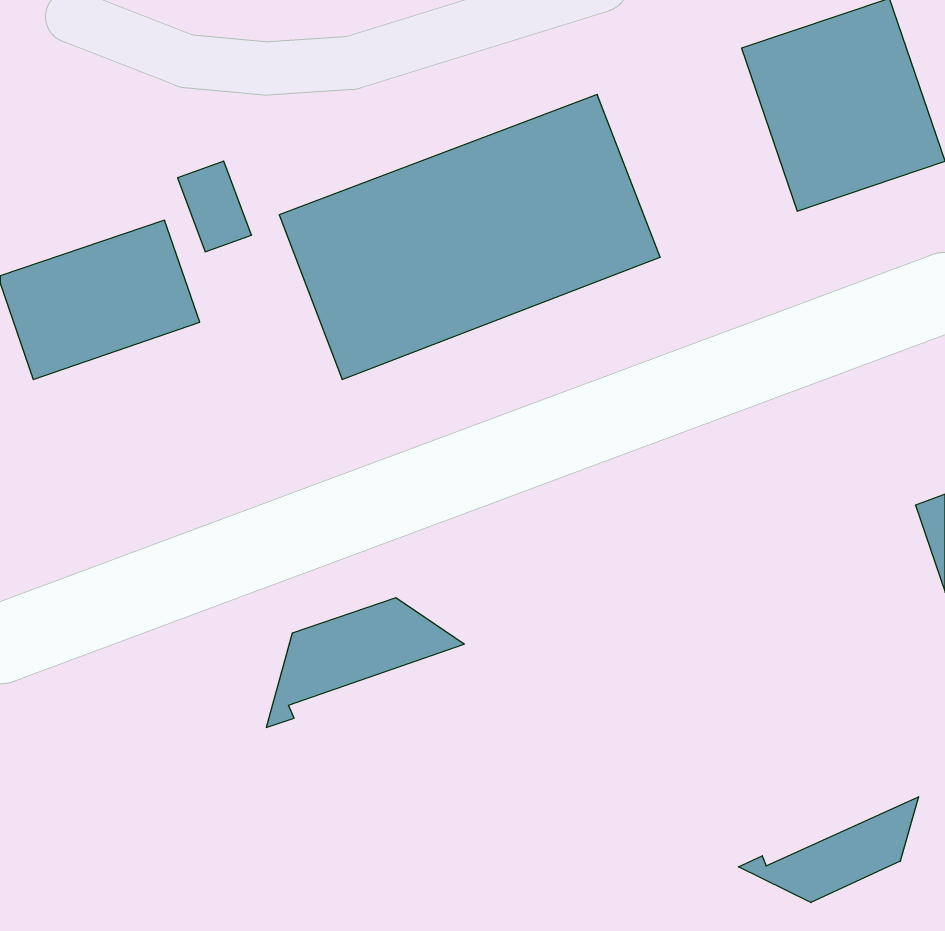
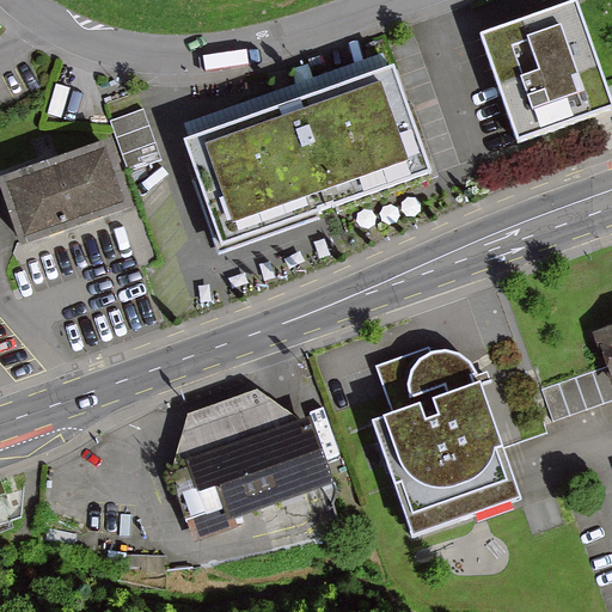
building: none -> [373,341,522,530]
building: none -> [172,414,330,528]
building: [738,797,919,903] -> none

